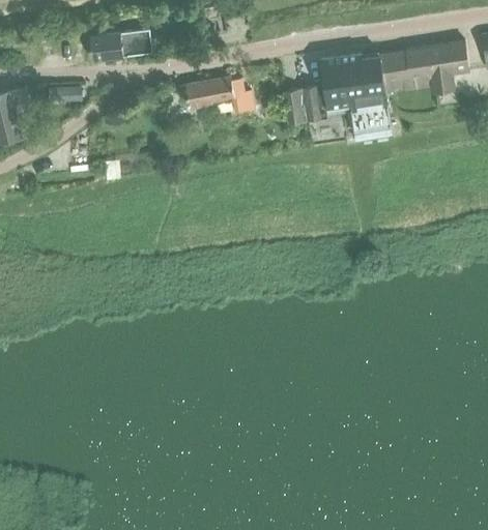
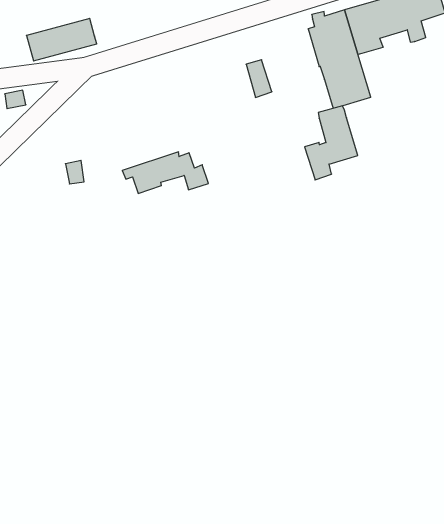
building: [303,56,349,119] -> [305,106,358,180]
building: [178,77,254,112] -> [122,152,208,193]

